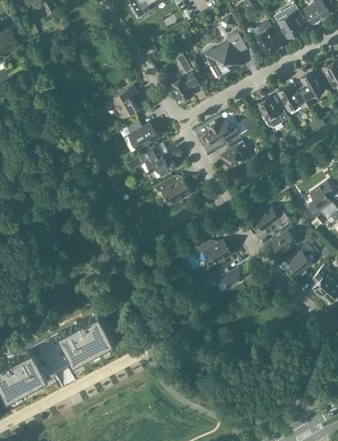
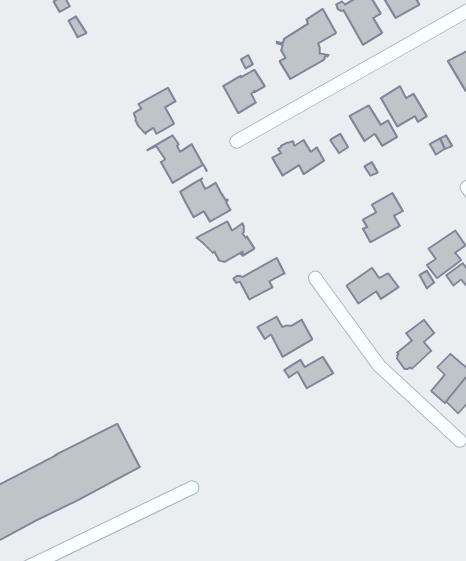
building: [300,70,325,103] -> none
building: [222,136,249,169] -> [363,193,403,242]
building: none -> [233,258,285,300]
building: [272,222,297,253] -> none

